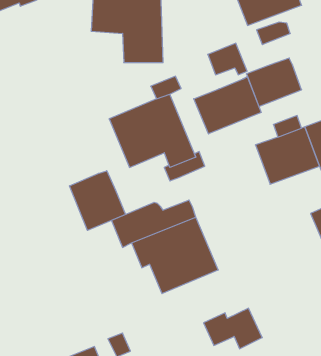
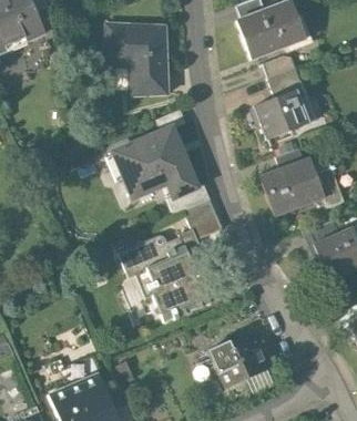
building: [208,43,247,75] -> [266,65,305,96]
building: [194,77,261,134] -> none
building: none -> [184,196,223,236]
building: [70,171,125,230] -> none

